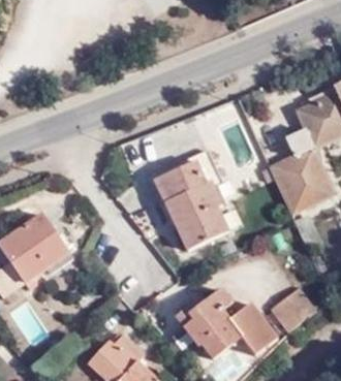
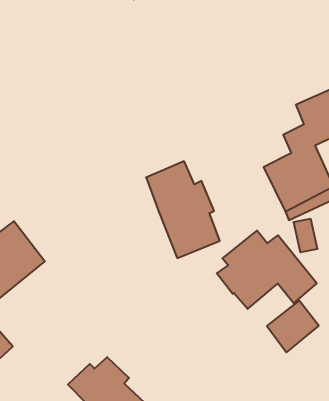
building: [186,289,276,359] -> [217,231,317,309]

